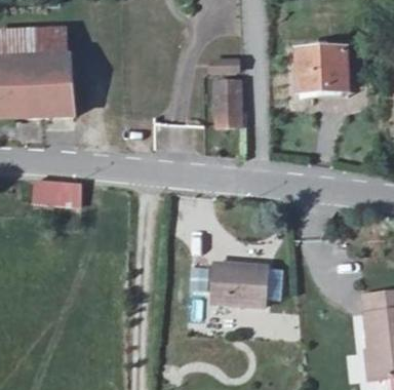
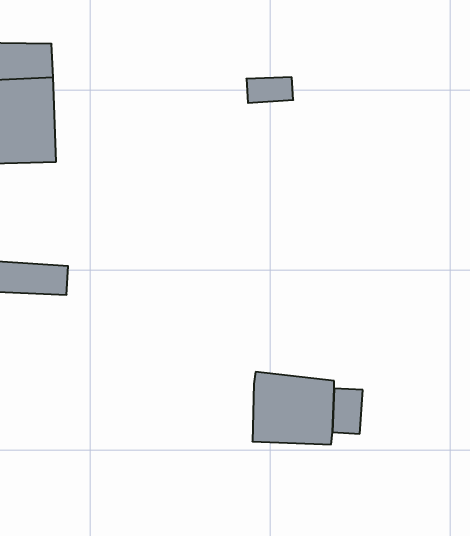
building: [303,48,350,99] -> none
building: [207,77,235,125] -> none

